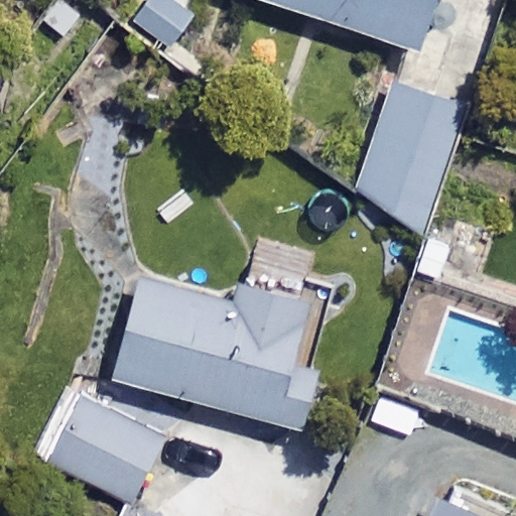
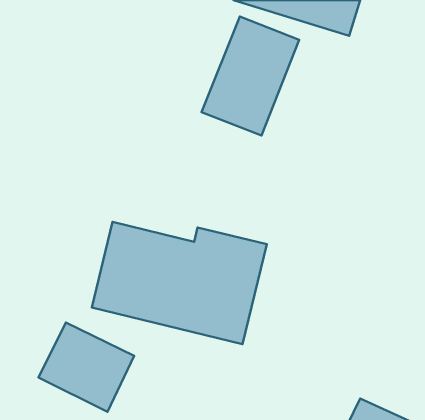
building: [350,83,468,227] -> [202,16,299,136]

